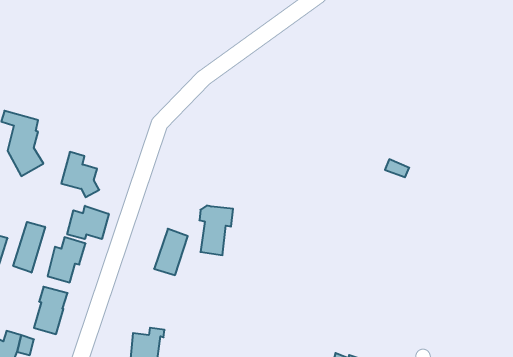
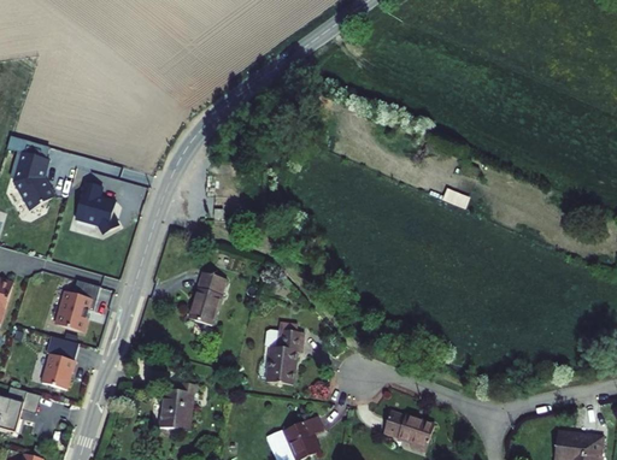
building: [199,206,233,255] -> [264,325,302,382]
building: [67,206,109,239] -> none
building: [13,222,45,273] -> none

